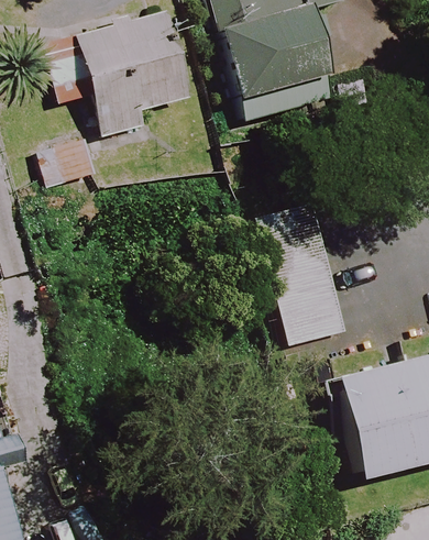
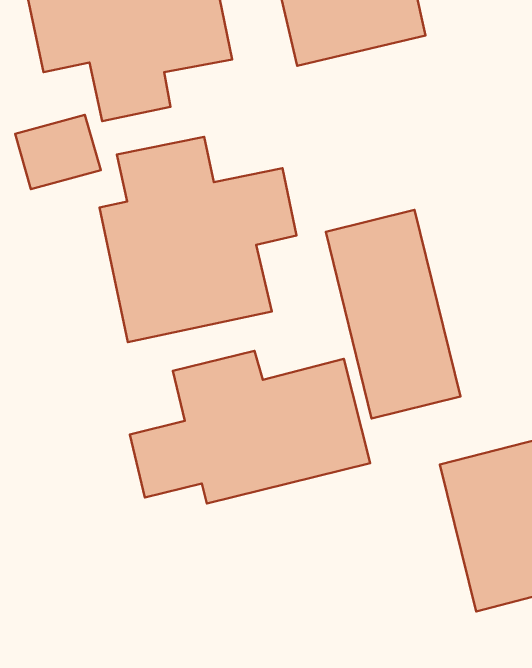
building: none -> [100,137,296,342]
building: none -> [130,351,370,503]

